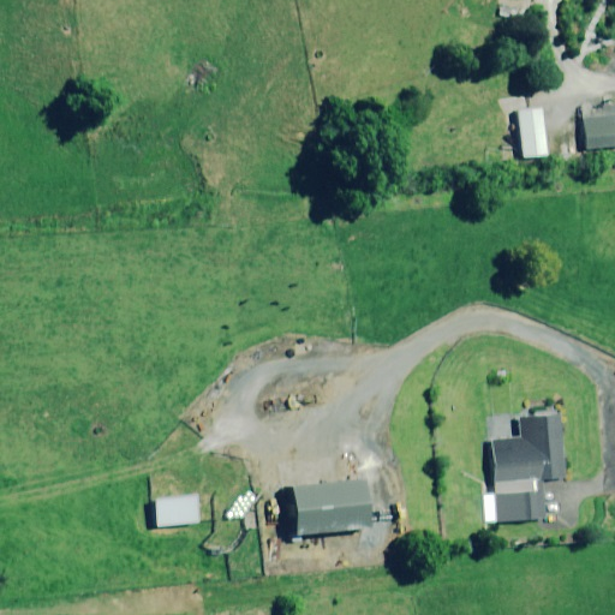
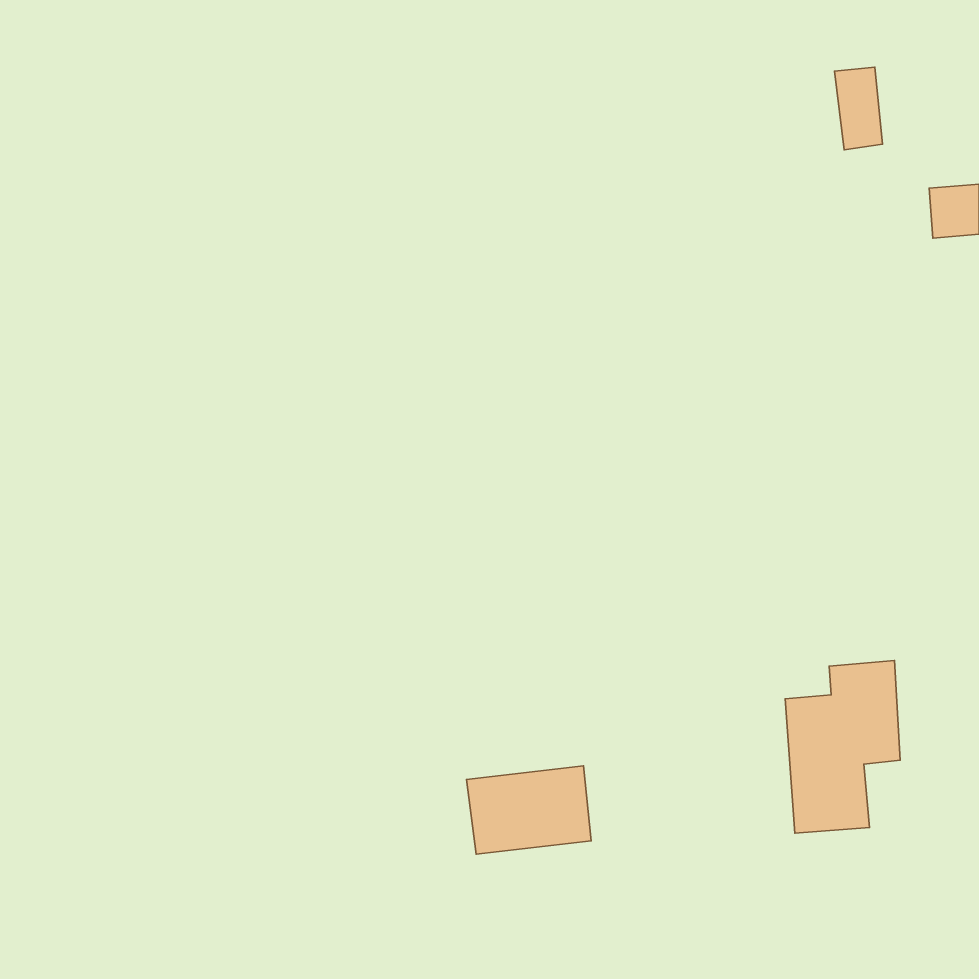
building: [517,106,547,157] -> [834,67,882,150]
building: [155,495,199,526] -> none

